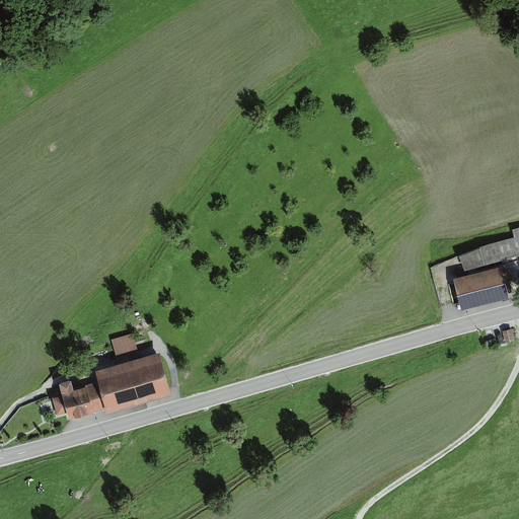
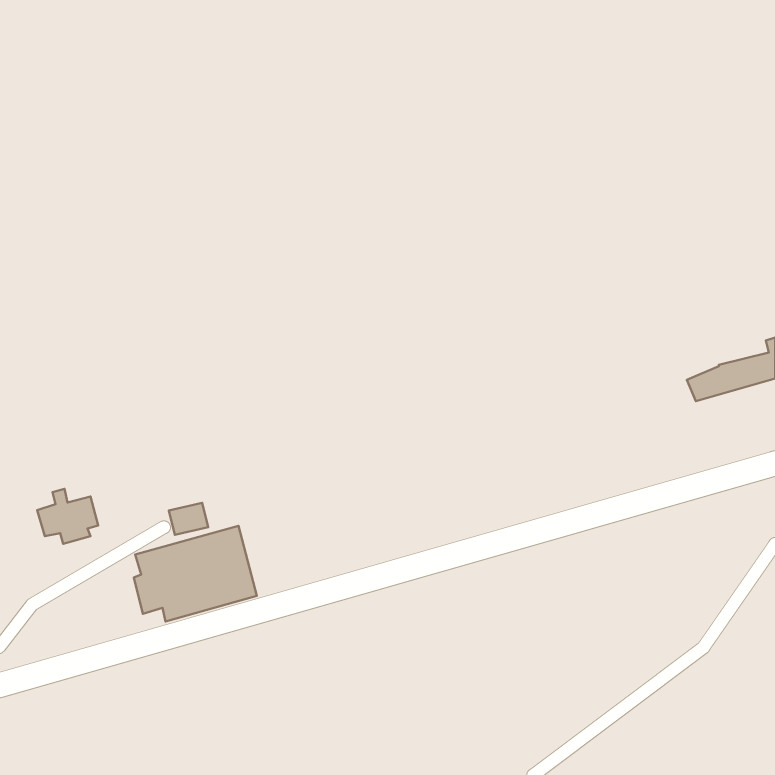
building: [452,263,511,308] -> none
building: [49,384,89,421] -> [37,489,98,544]

